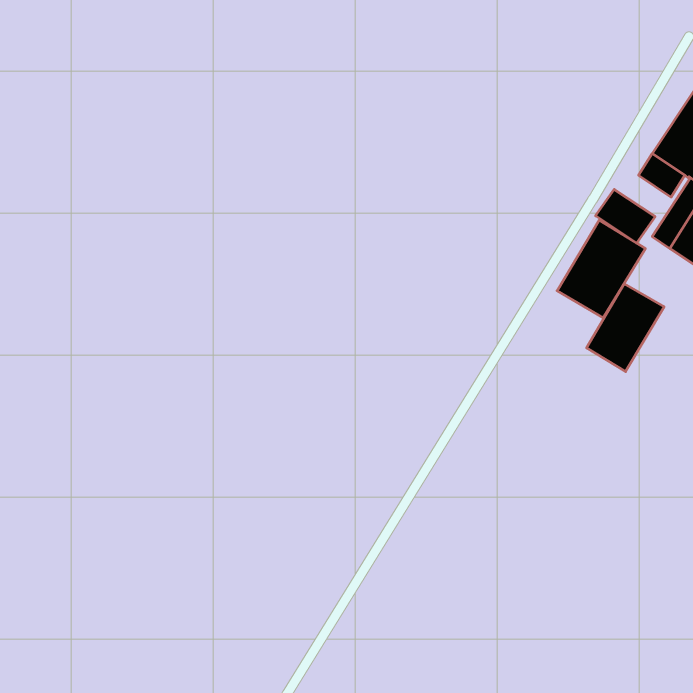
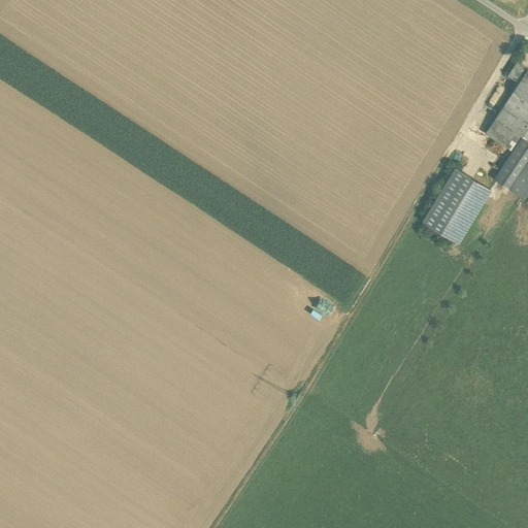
building: [596,189,655,243] -> none
building: [587,284,664,372] -> none

